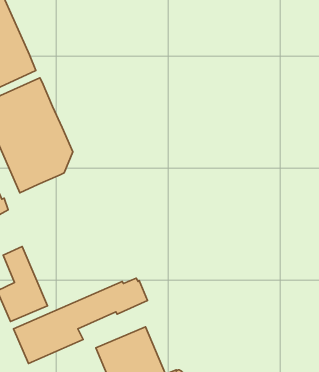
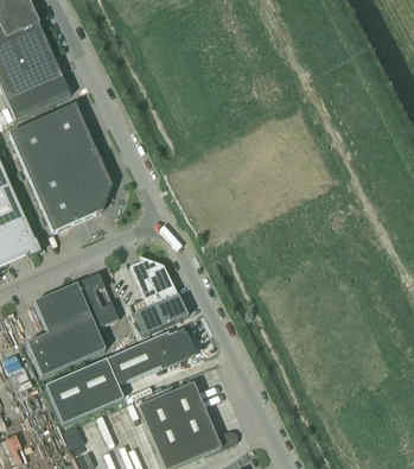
building: none -> [129,255,187,334]
building: none -> [55,272,119,359]

